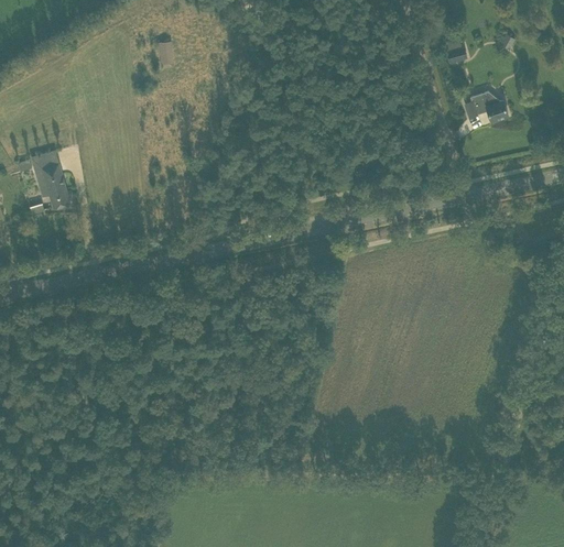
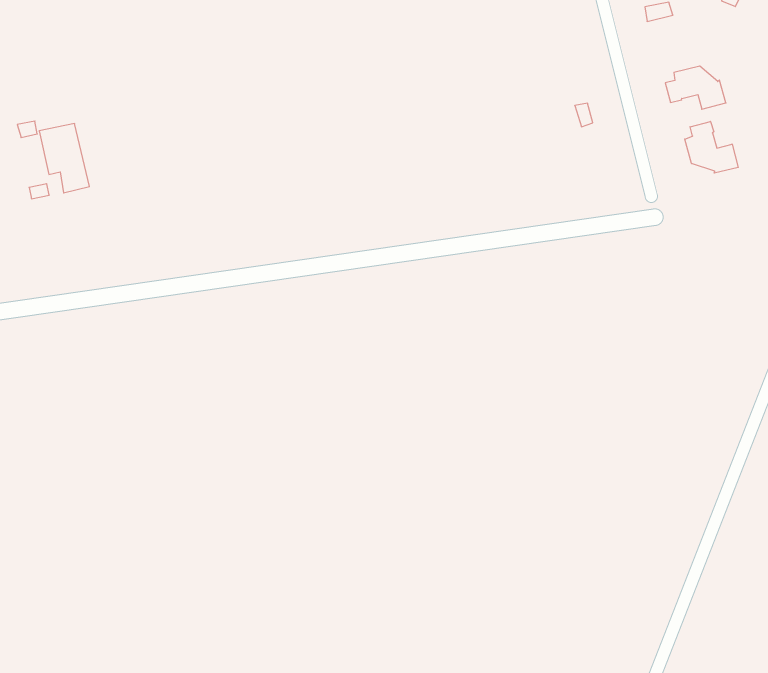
building: none -> [685,121,738,173]

